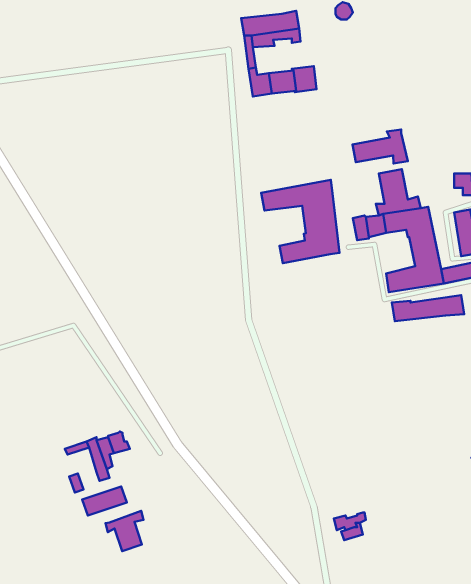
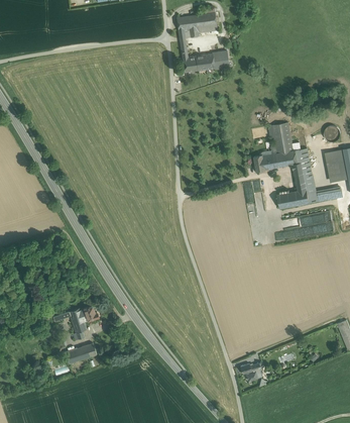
building: [353,129,408,163] -> none
building: [261,180,340,263] -> none
building: [105,511,143,551] -> none

